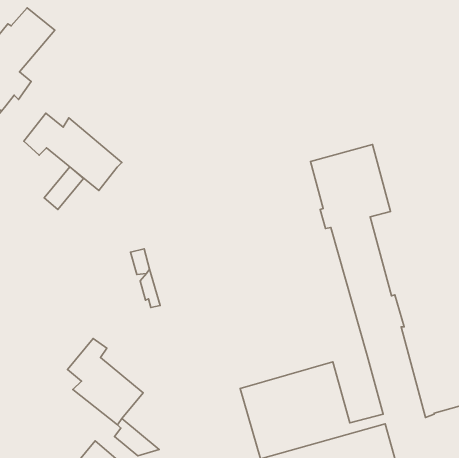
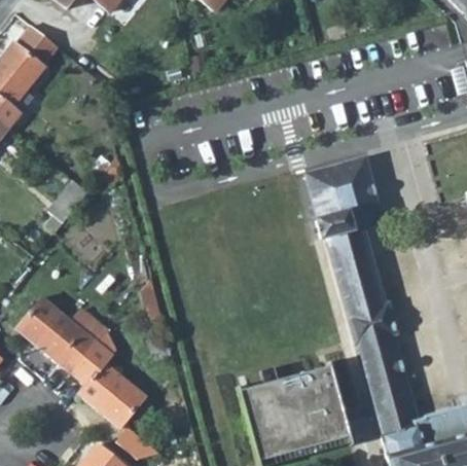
building: [24,113,122,190] -> none
building: none -> [19,299,106,373]

